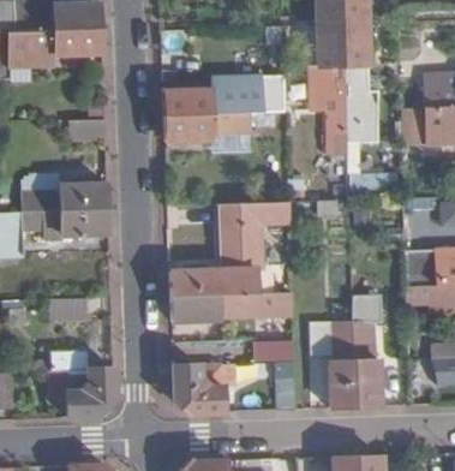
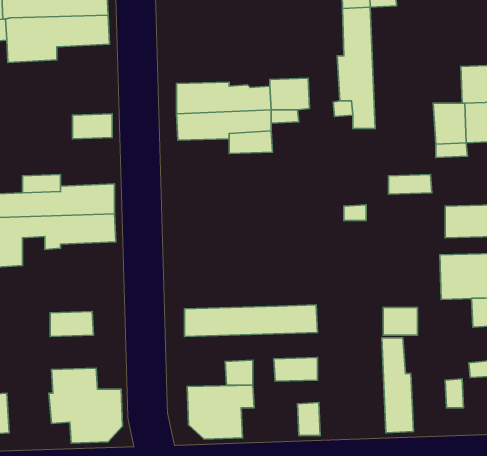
building: [341,19,369,133] -> none
building: [170,202,289,296] -> none
building: [311,322,355,410] -> none

